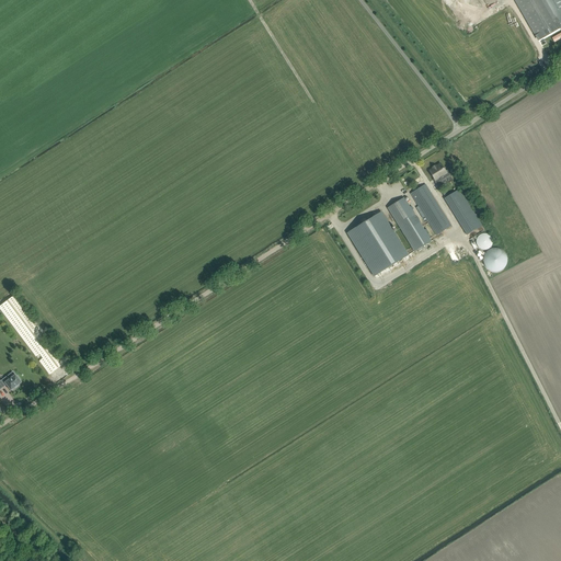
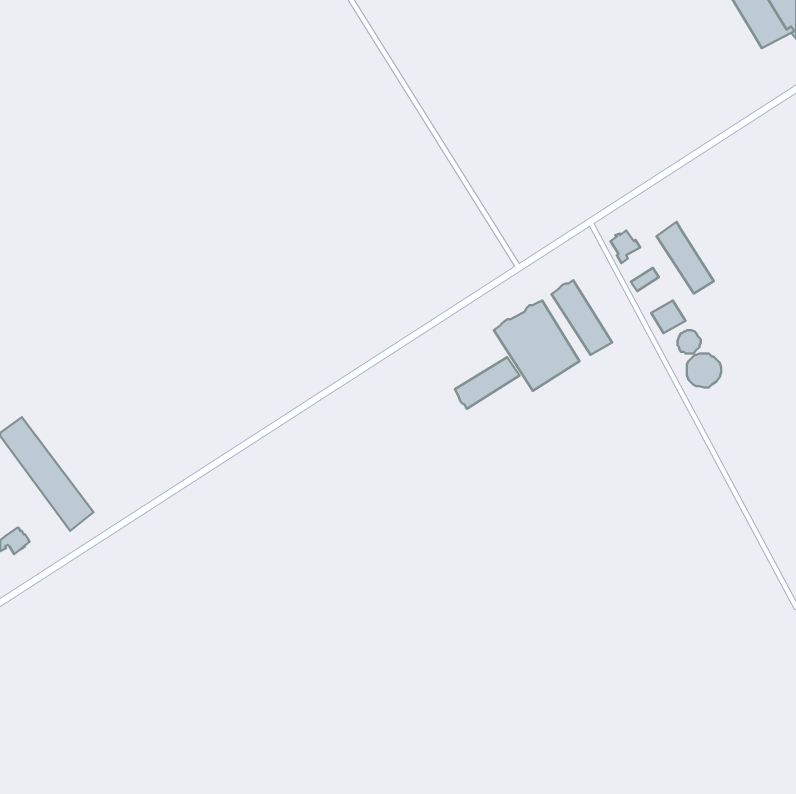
building: [411,183,451,233] -> [656,222,714,294]
building: none -> [455,357,520,409]

